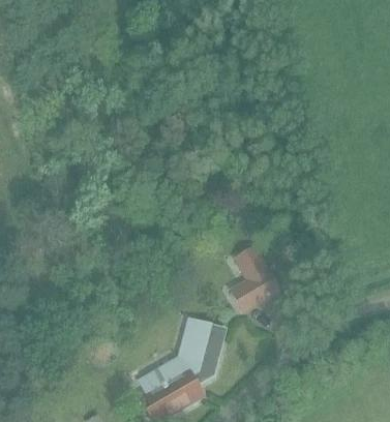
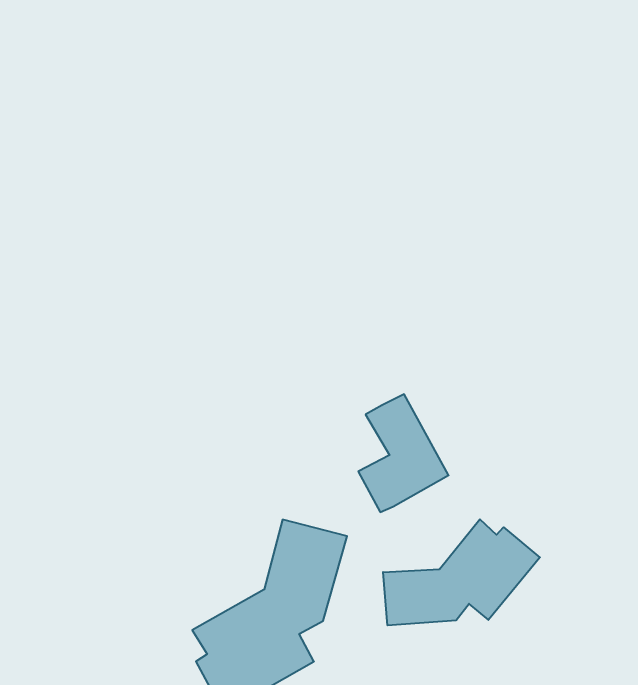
building: none -> [383,519,540,625]

